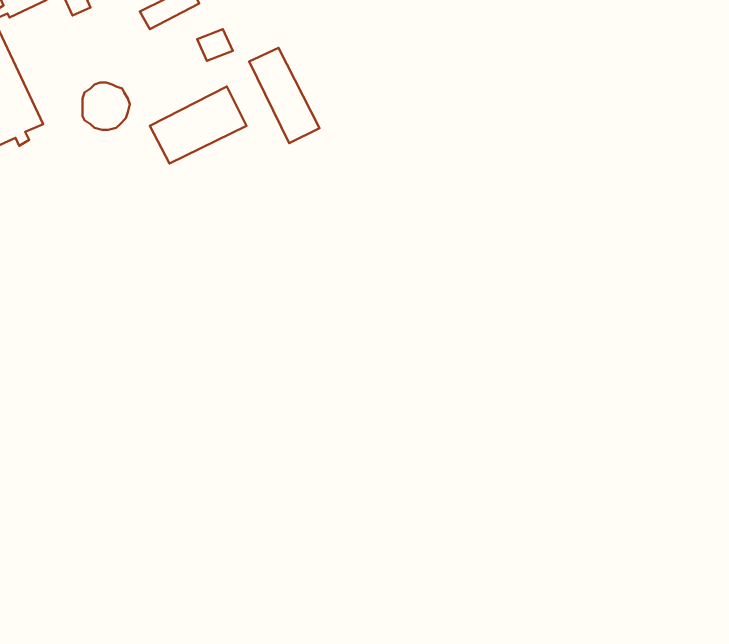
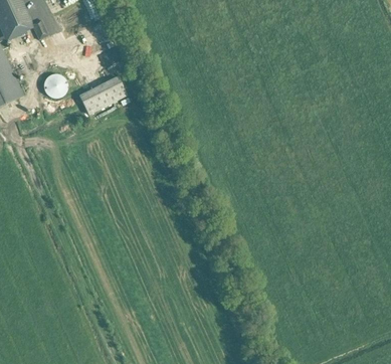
building: [249,48,319,143] -> none

